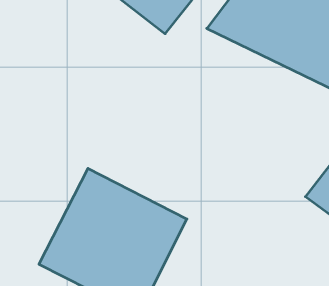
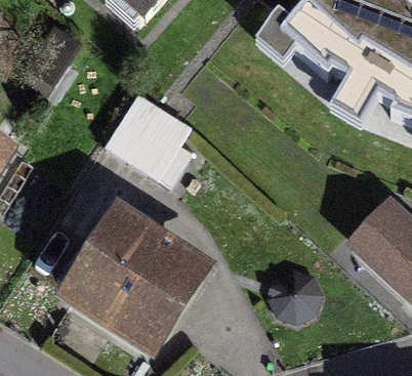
building: none -> [105,102,198,193]

